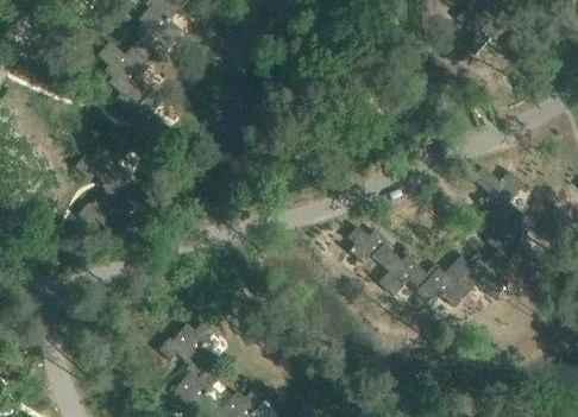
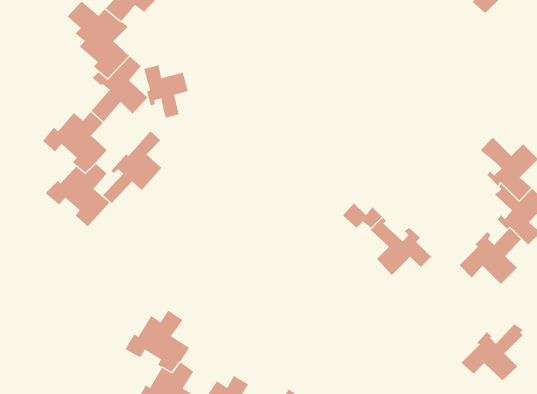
building: none -> [144,64,188,118]
building: none -> [102,131,162,204]
building: [410,254,467,307] -> [461,323,523,381]

